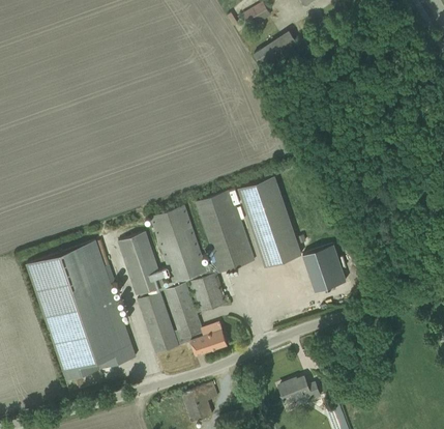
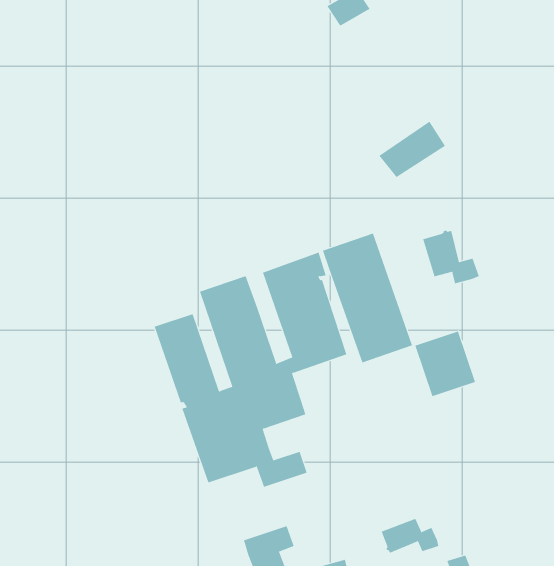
building: [253,29,300,69] -> [378,121,446,178]
building: none -> [423,230,479,284]
building: [26,239,136,380] -> none

